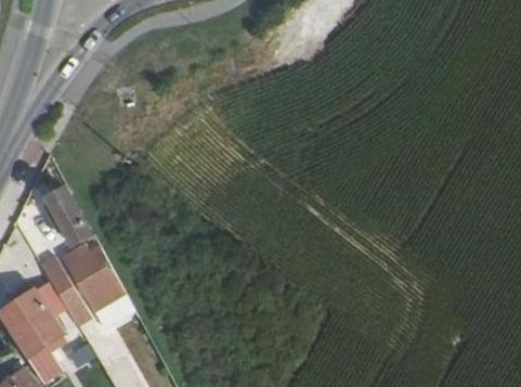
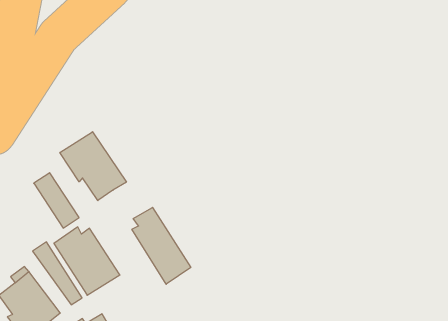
building: none -> [60,132,126,201]
building: none -> [132,207,191,284]

